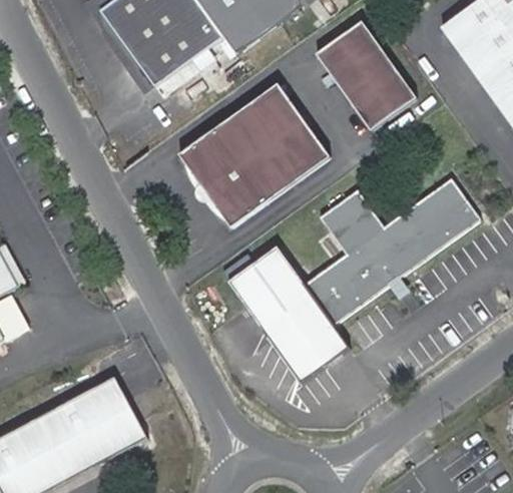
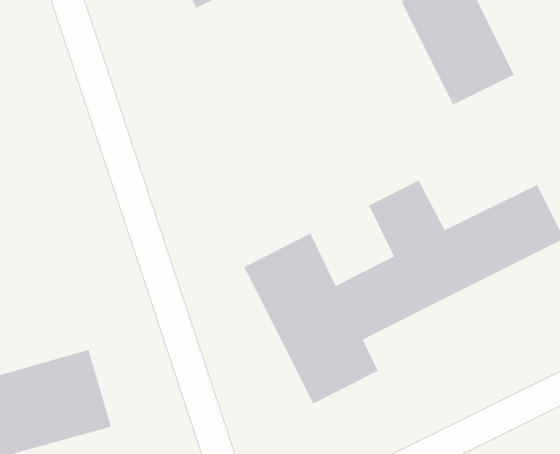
building: [181,84,332,227] -> none

